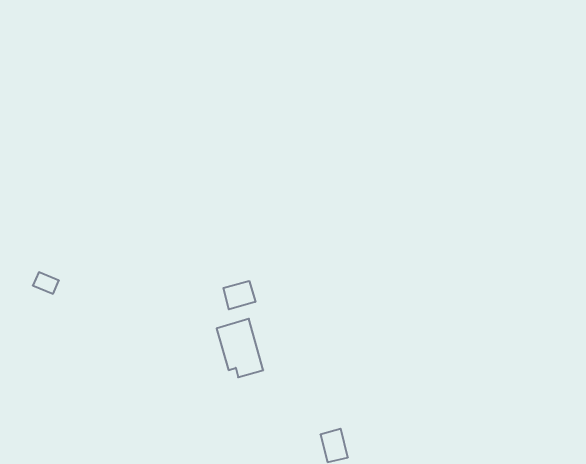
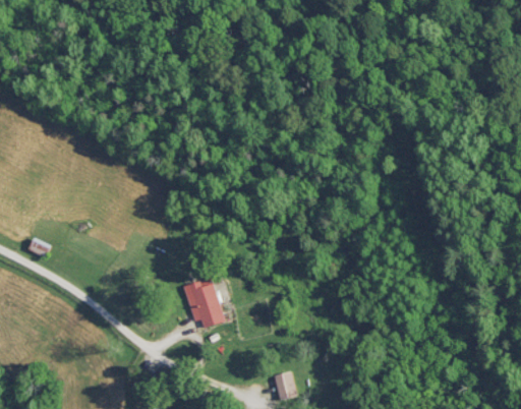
building: [223,281,255,309] -> none

